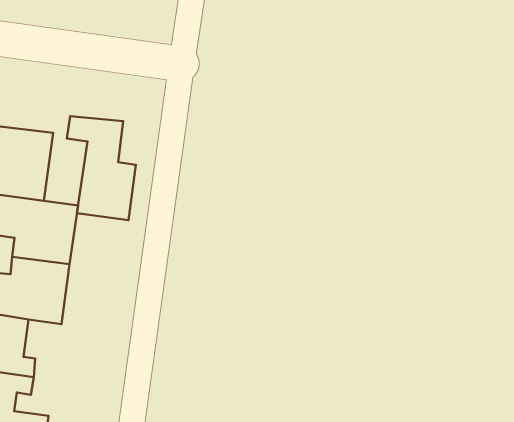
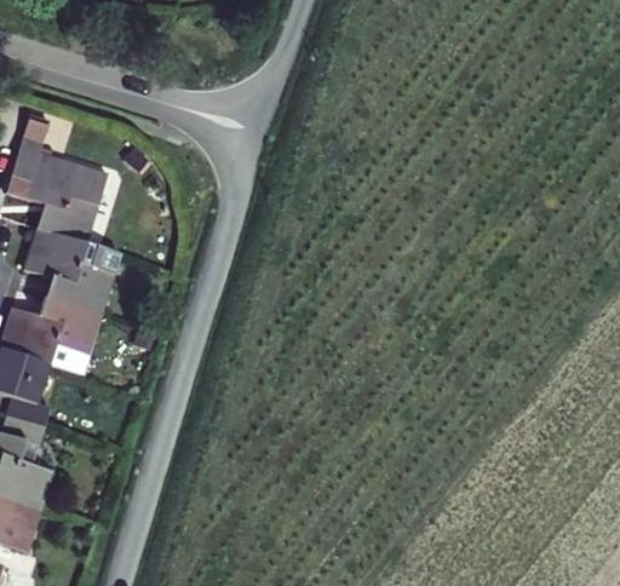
building: [67,116,136,220] -> none

